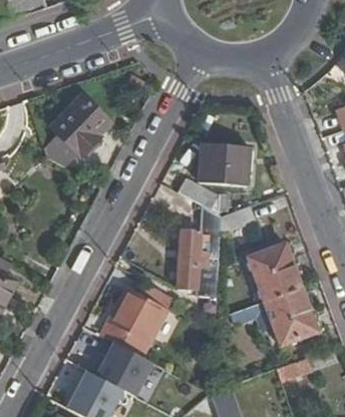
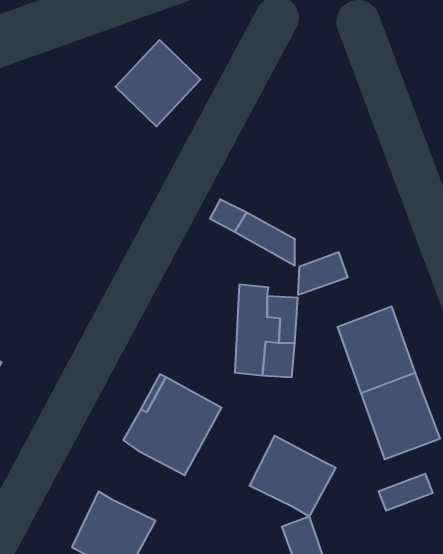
building: [50,97,108,156] -> [115,40,201,126]
building: [201,145,249,185] -> none
building: [94,341,153,396] -> [249,436,336,516]

